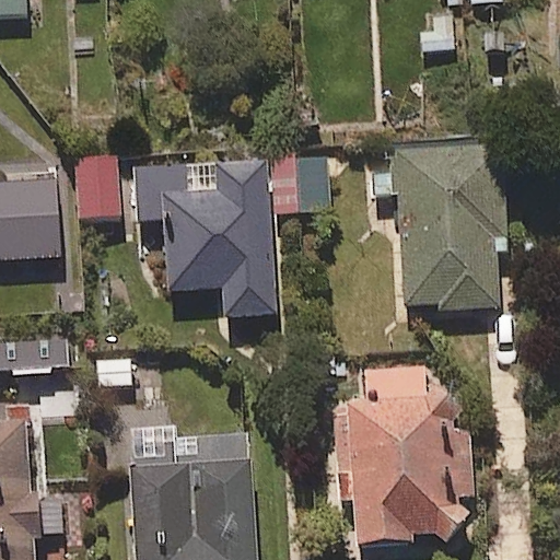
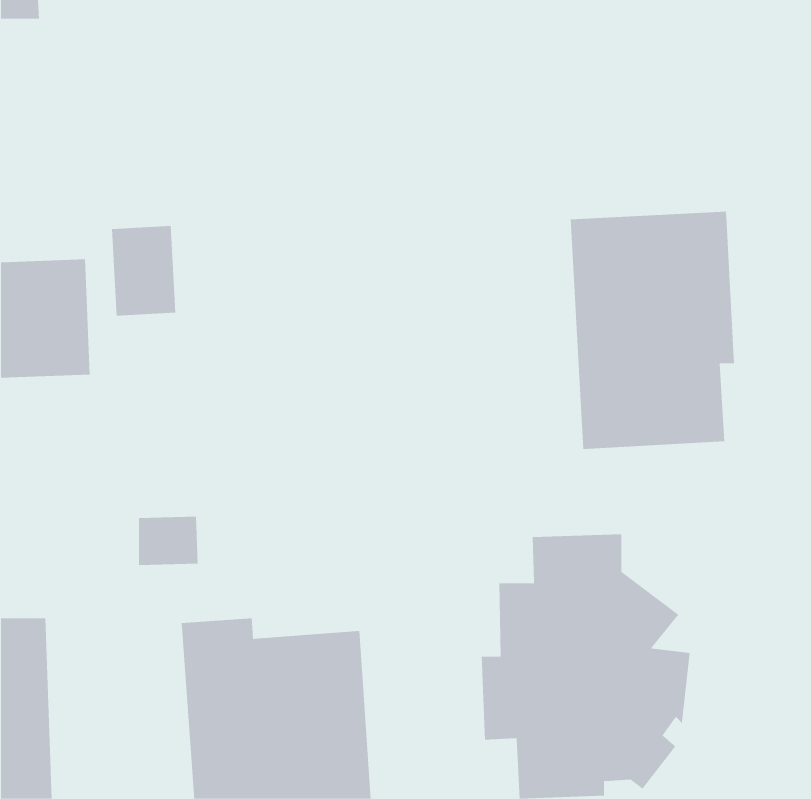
building: [136,156,331,318] -> none

